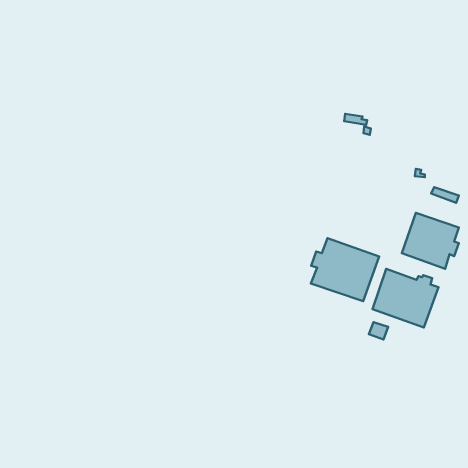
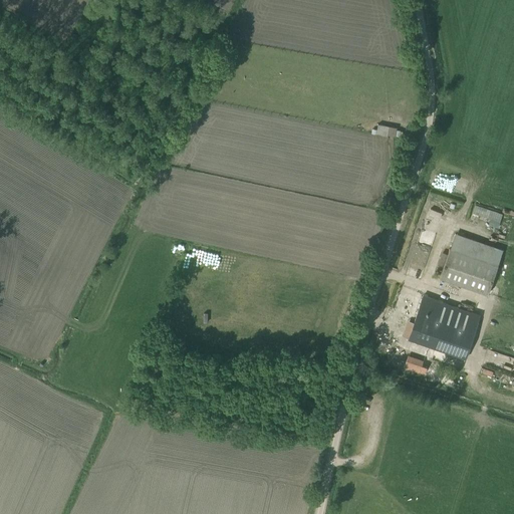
building: [311,238,379,301] -> none

